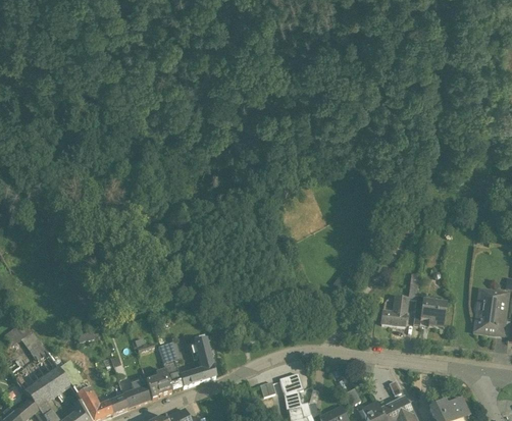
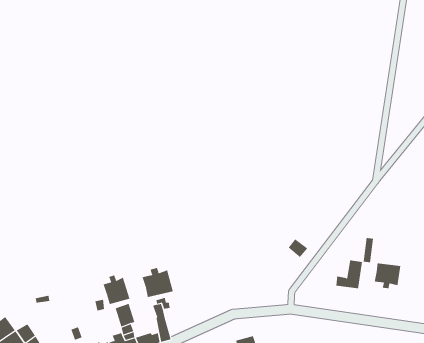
building: none -> [142,267,174,298]
building: none -> [103,275,130,305]

